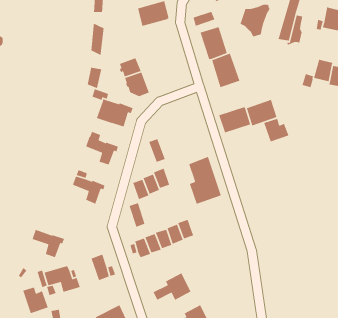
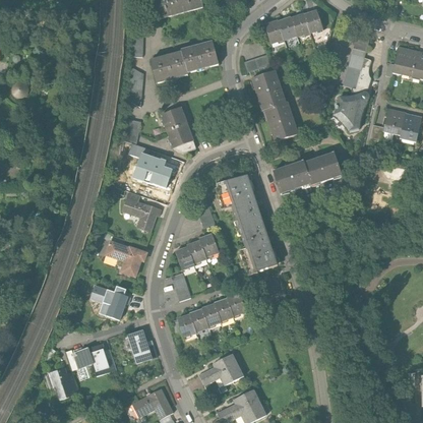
building: [239,4,270,37] -> [334,89,369,128]
building: none -> [149,51,187,81]
building: none -> [218,174,262,228]
building: [263,118,289,143] -> none
building: [31,229,65,258] -> [90,285,129,318]

